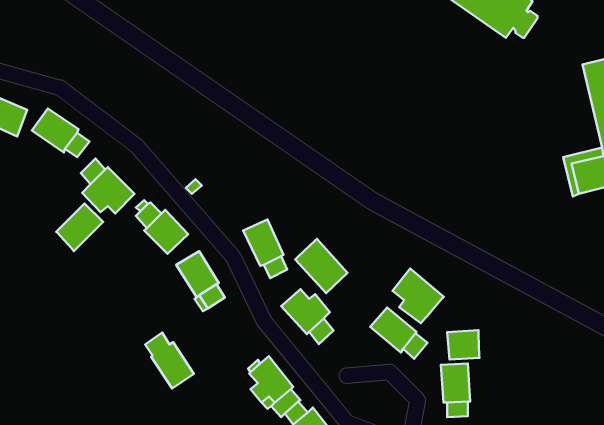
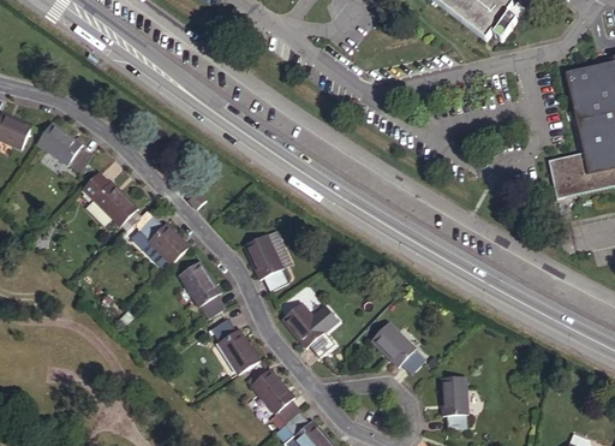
building: [56,204,103,251] -> none
building: [295,239,348,293] -> none
building: [392,269,444,323] -> none
building: [447,330,479,360] -> none
building: [145,332,194,389] -> [208,315,256,370]

